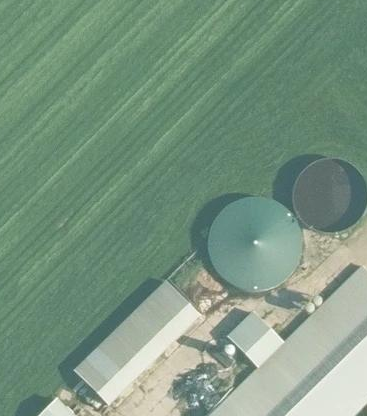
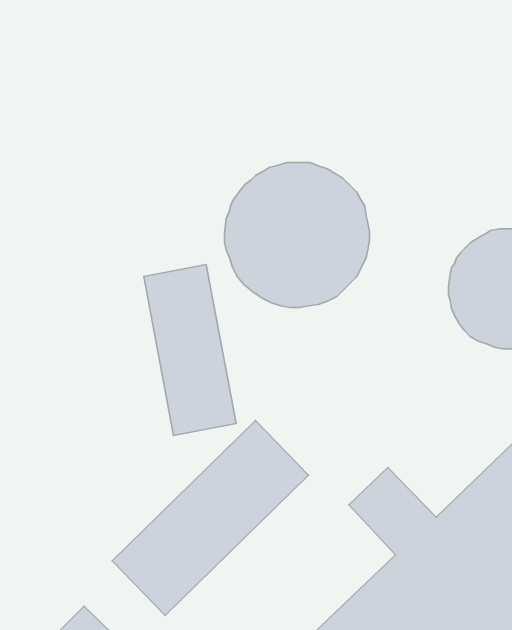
building: none -> [144,265,236,435]
building: [209,197,302,290] -> [225,163,369,308]

